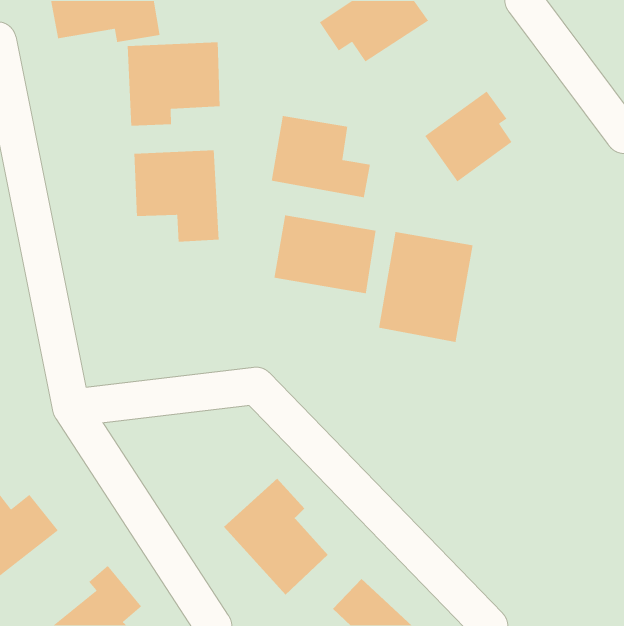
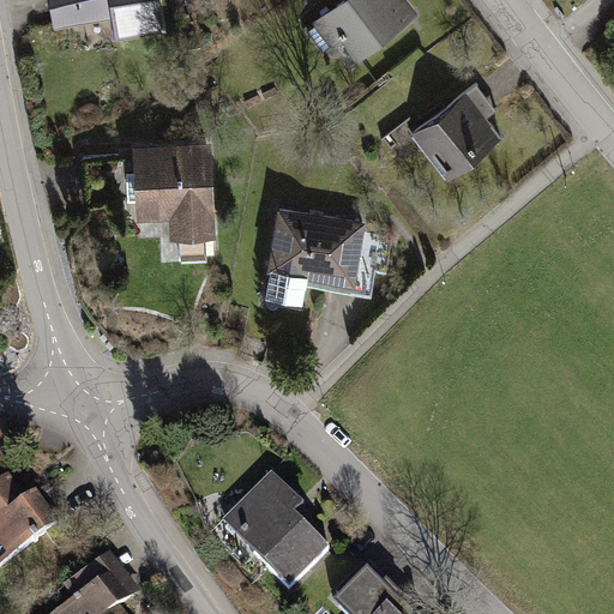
building: [127,41,221,126] -> none
building: [271,115,371,198] -> none
building: [378,231,473,343] -> none

